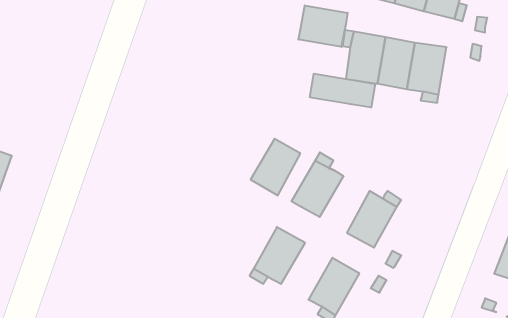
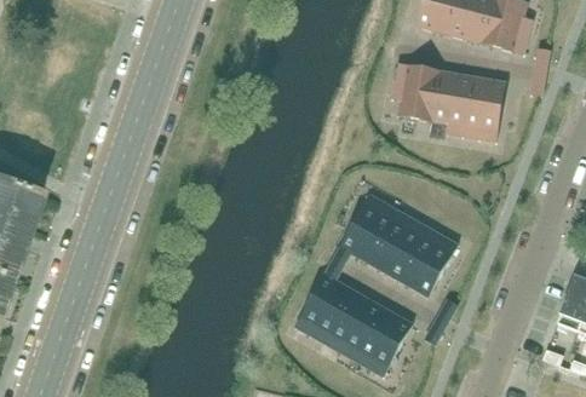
building: [298,5,348,47] -> none
building: [310,74,375,108] -> none
building: [251,139,300,195] -> [370,219,424,280]
building: none -> [329,290,384,351]

